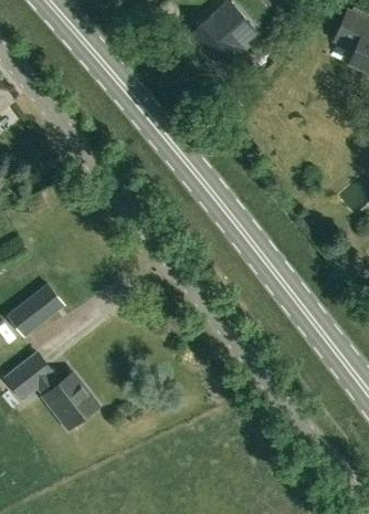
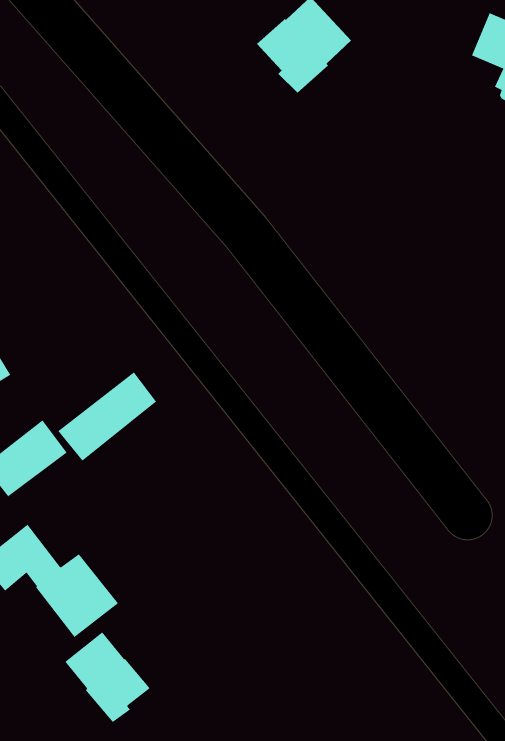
building: none -> [57,371,157,461]
building: none -> [65,631,150,723]

